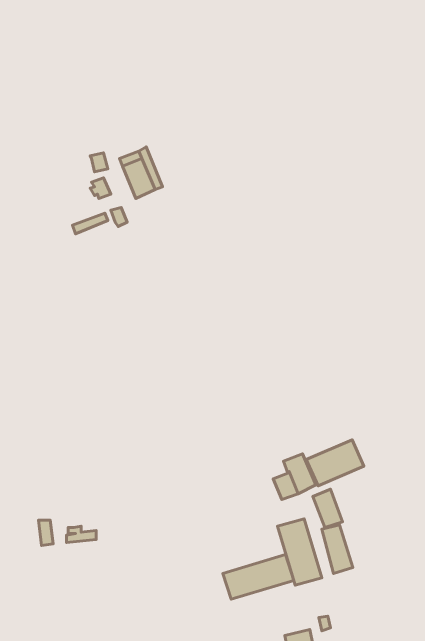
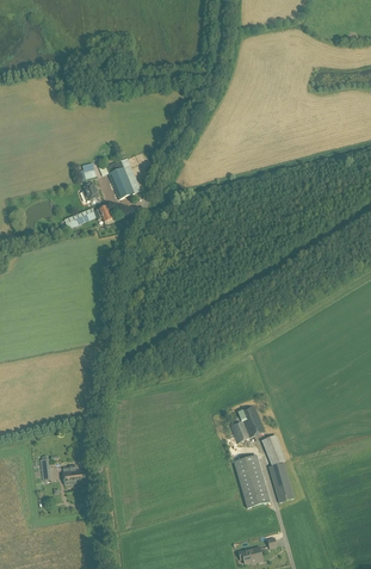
building: [306,440,364,486] -> none
building: [223,555,294,599] -> none

